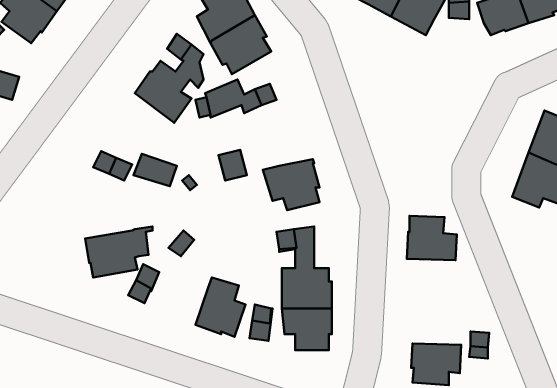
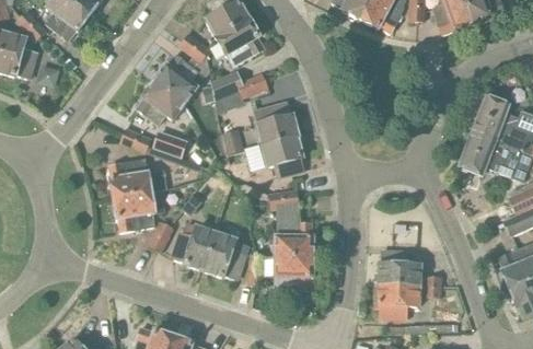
building: none -> [136,82,185,125]
building: none -> [253,103,298,144]
building: none -> [108,161,167,200]
building: [407,216,457,260] -> [379,251,419,287]
building: none -> [172,224,216,270]

